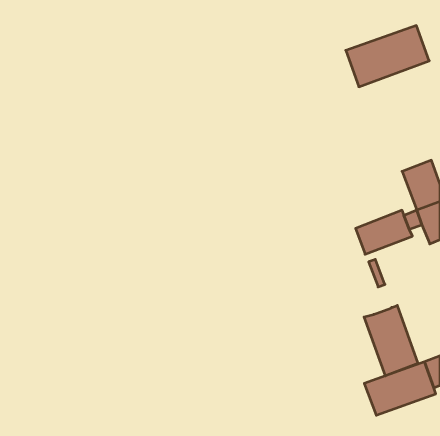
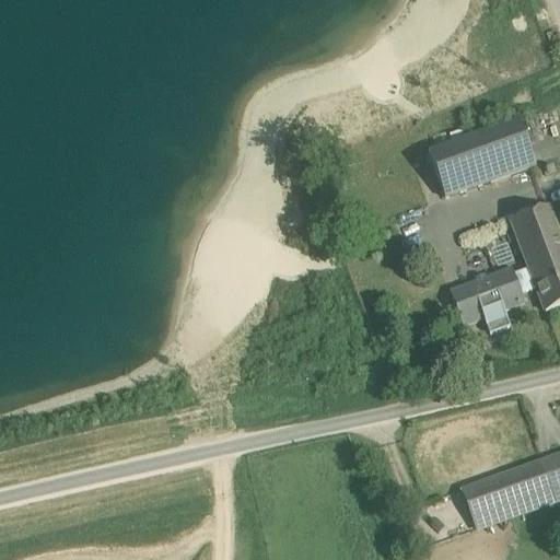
building: [346,26,429,87] -> [429,118,535,196]
building: [364,305,418,376] -> none

